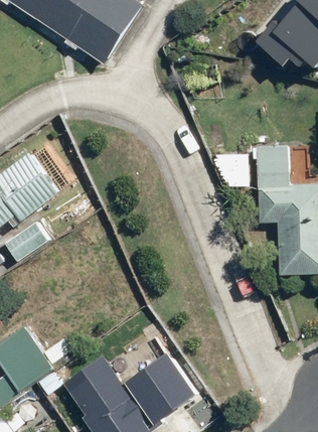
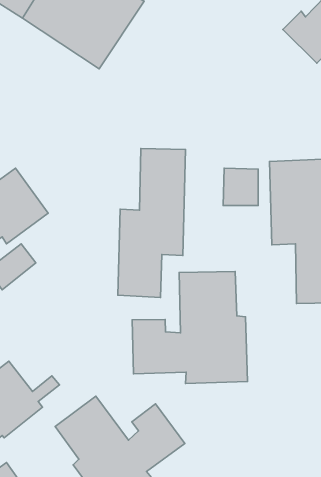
building: none -> [118,149,186,297]
building: none -> [132,271,247,384]

